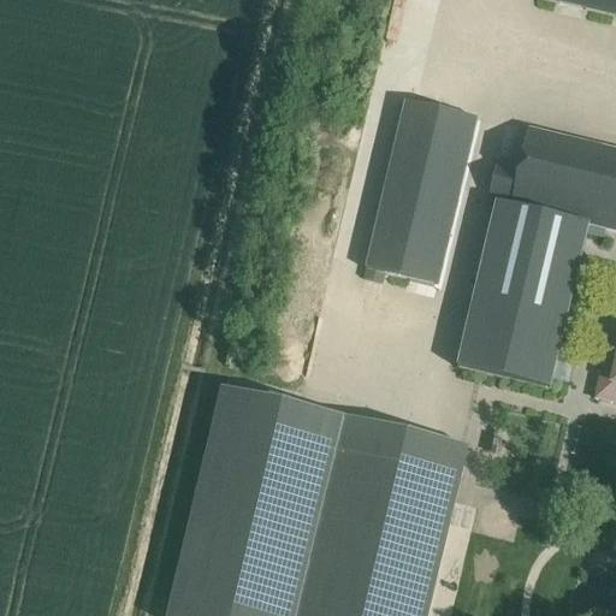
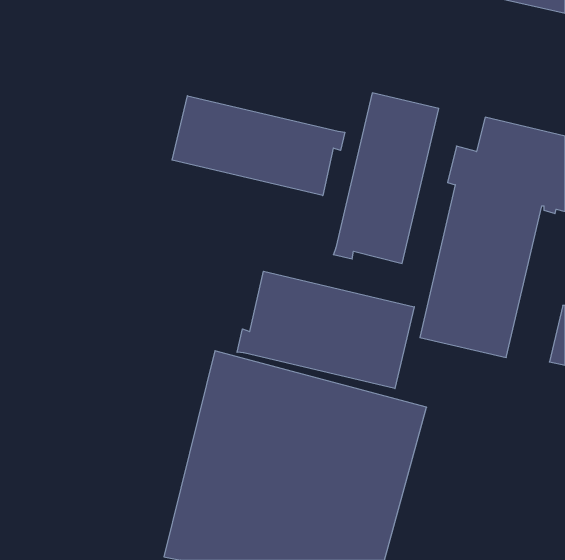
building: none -> [172,96,345,196]
building: none -> [237,271,414,389]

